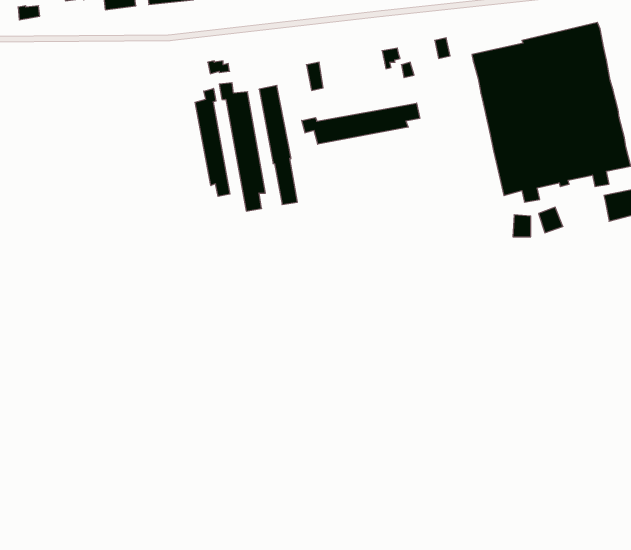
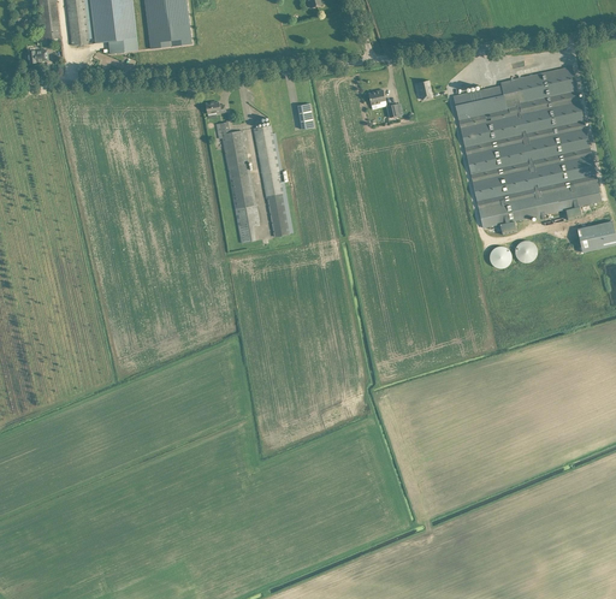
building: [195,88,230,196] -> none
building: [302,103,420,144] -> none

